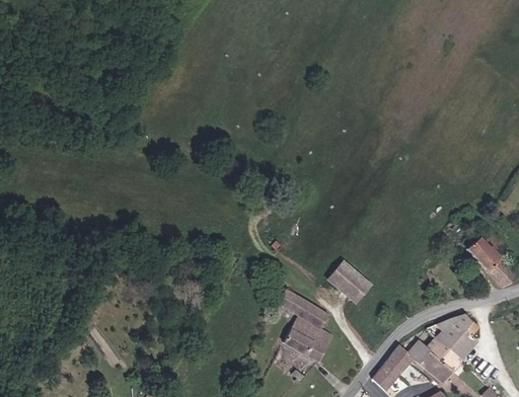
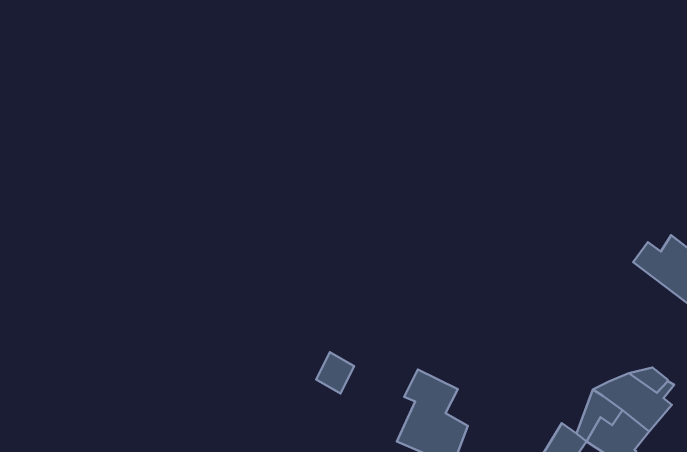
building: [326,264,368,305] -> none
building: [280,287,306,315] -> [316,352,354,394]

